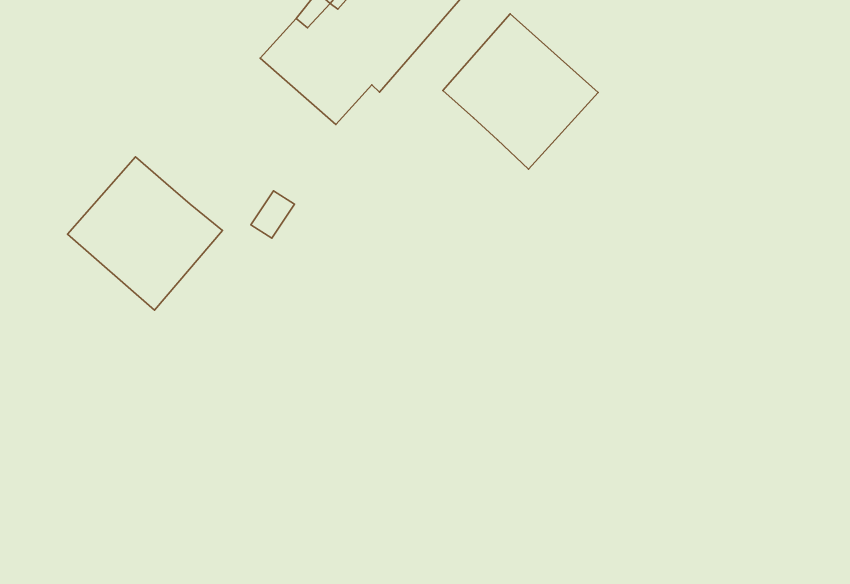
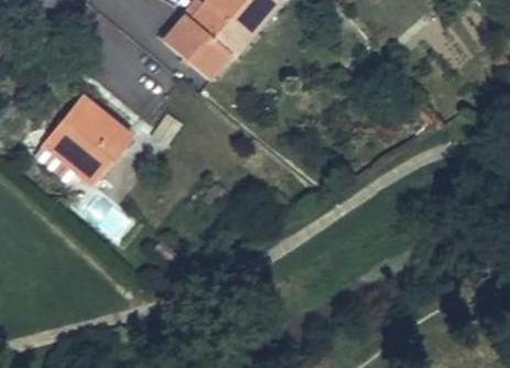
building: [443,14,598,169] -> none

